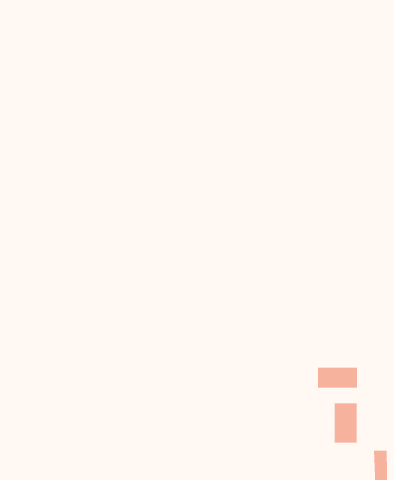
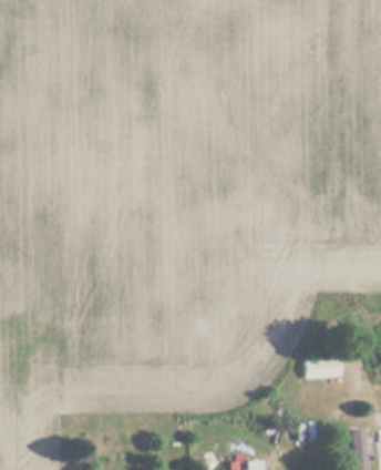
building: [334,402,357,443] -> none

